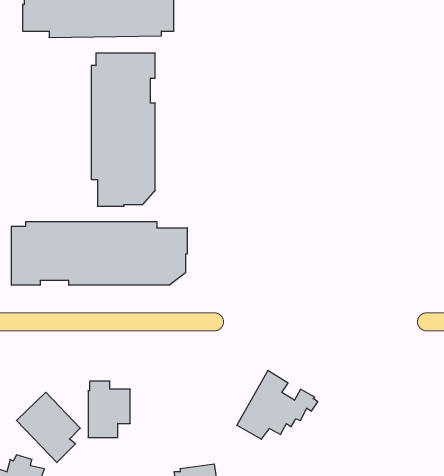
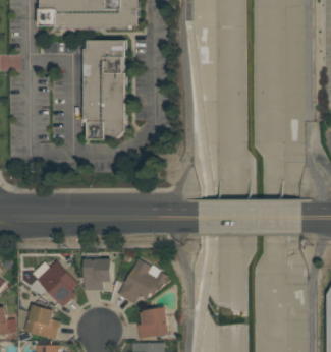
building: [11,222,187,285] -> none
building: [237,371,318,439] -> [117,258,170,303]

